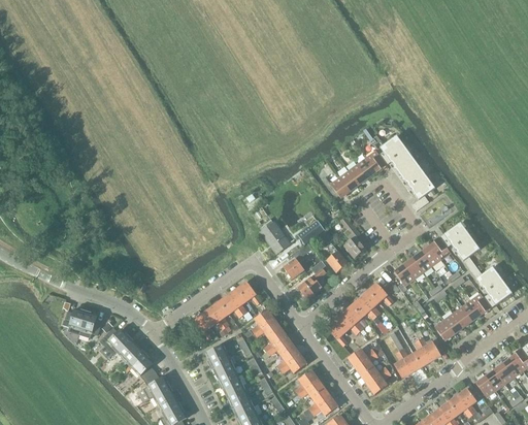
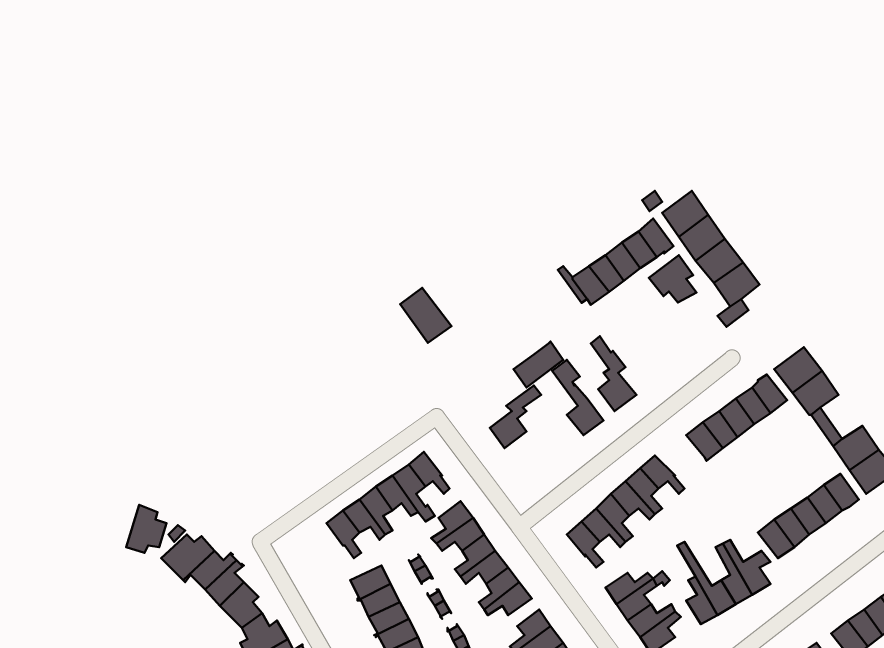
building: none -> [649,255,696,302]
building: [261,222,290,253] -> [400,288,452,343]
building: [298,260,326,299] -> none
building: [63,307,87,334] -> none

